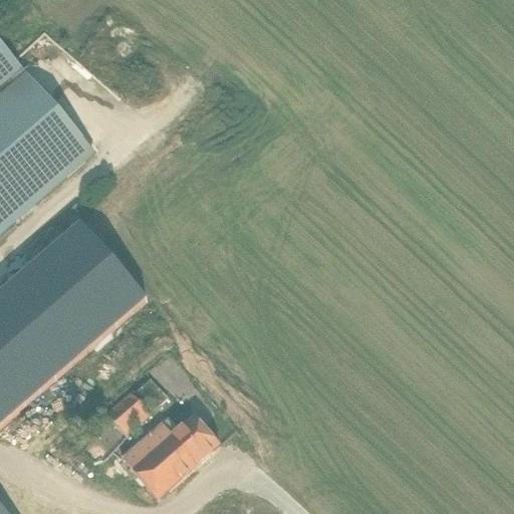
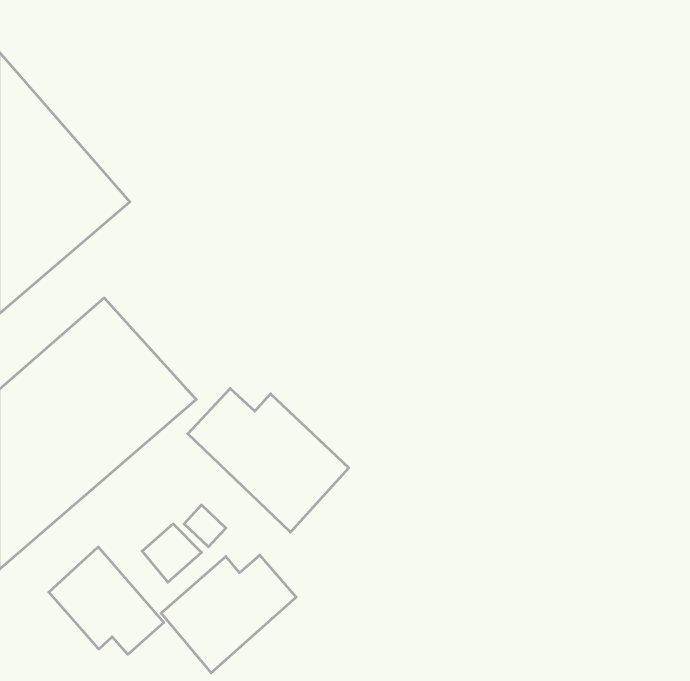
building: none -> [188,388,349,532]
building: none -> [49,547,164,654]

